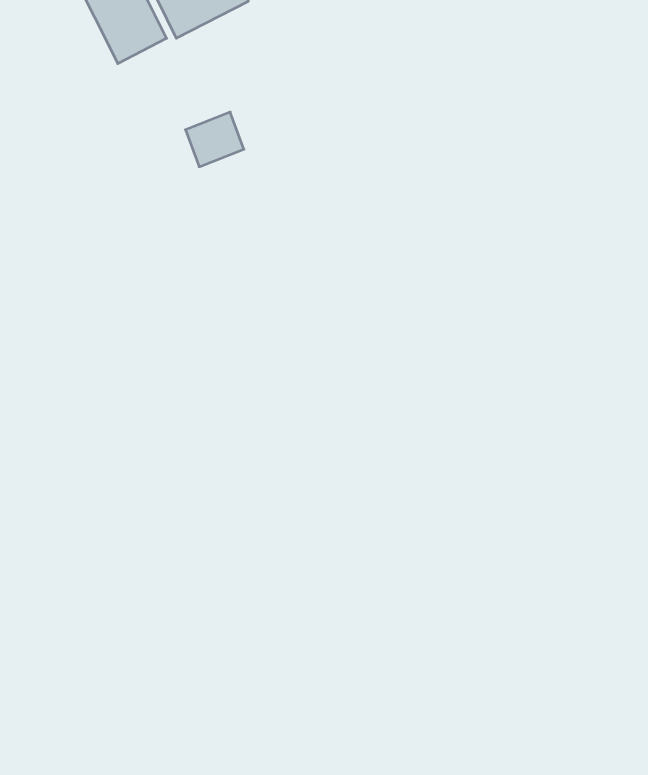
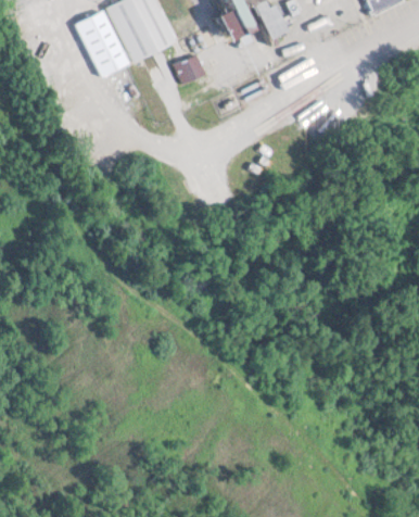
building: [185,112,244,167] -> [174,53,206,84]

